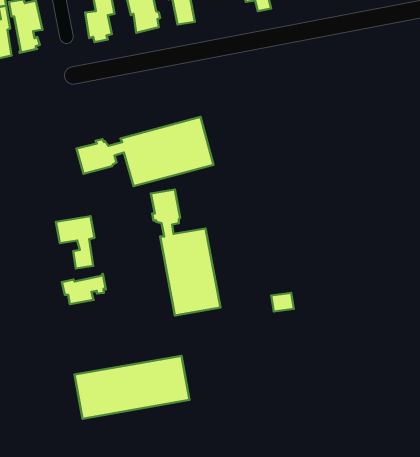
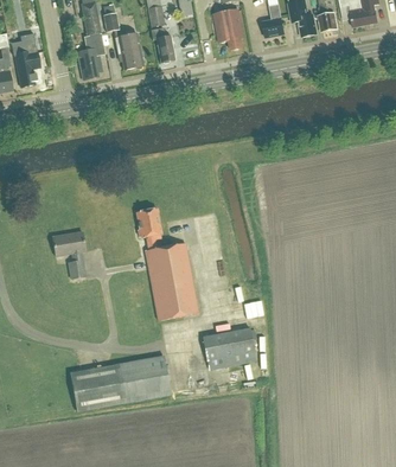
building: [76,117,214,186] -> none
building: [62,274,106,304] -> none
building: none -> [203,327,256,367]

